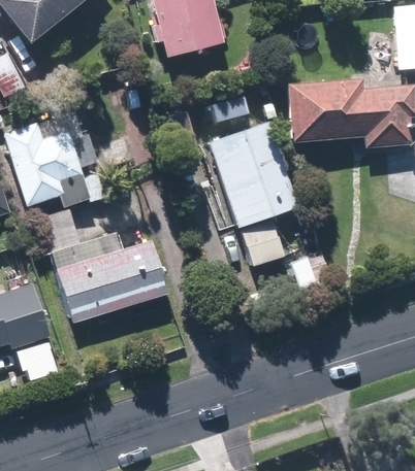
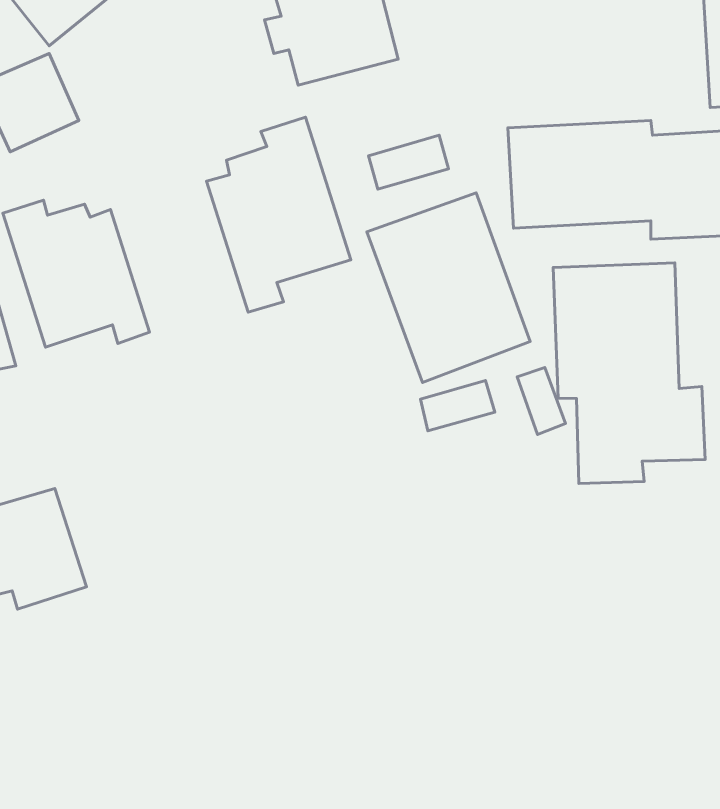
building: none -> [207,117,351,312]
building: none -> [553,263,705,483]
building: [50,230,169,325] -> none

